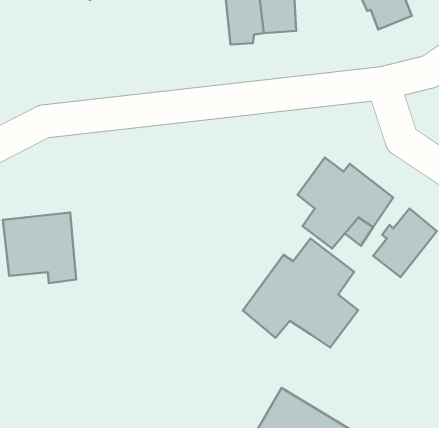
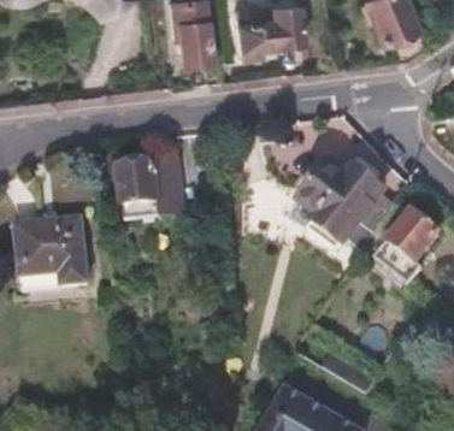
building: none -> [172,14,210,58]
building: none -> [117,158,183,217]
building: [243,238,358,347] -> none

